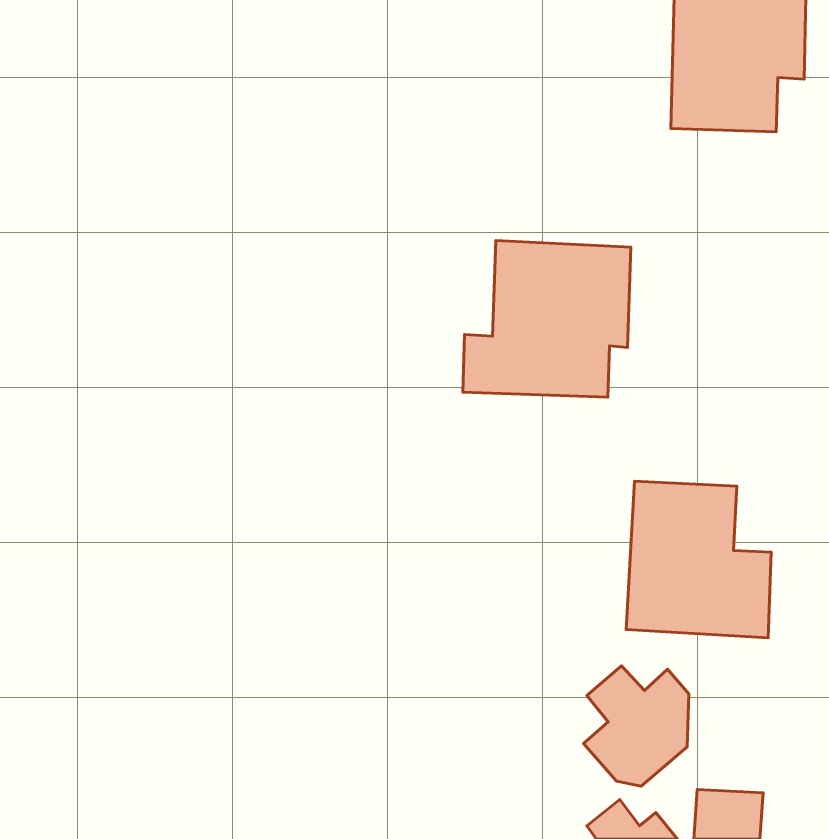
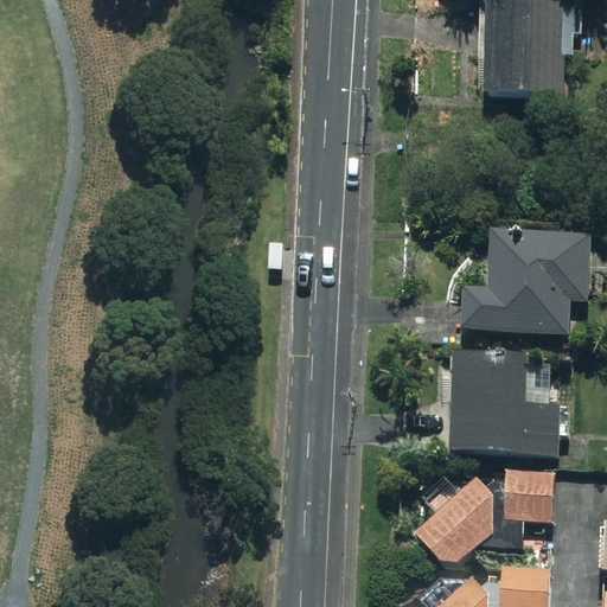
building: [463,240,631,397] -> [464,223,584,336]
building: none -> [504,469,551,520]

